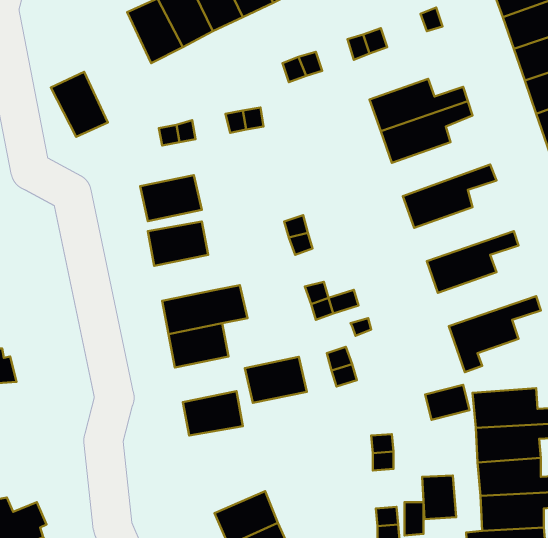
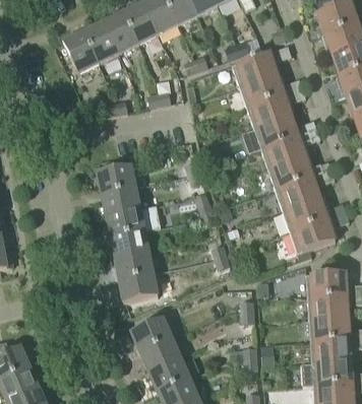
building: none -> [232,46,291,86]
building: [51,72,108,137] -> [62,30,99,72]
building: none -> [253,114,316,148]
building: [140,175,202,221] -> [101,186,140,215]
building: none -> [267,155,331,190]
building: none -> [283,197,346,231]
building: [245,357,307,403] -> [114,251,154,280]
building: none -> [130,316,172,351]
building: [422,475,456,519] -> none

